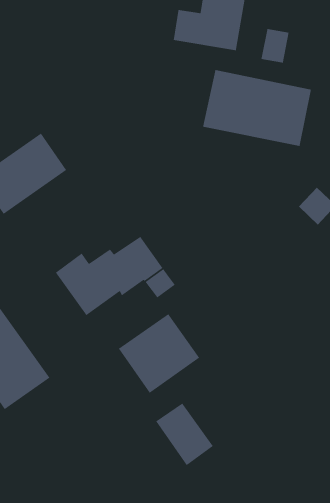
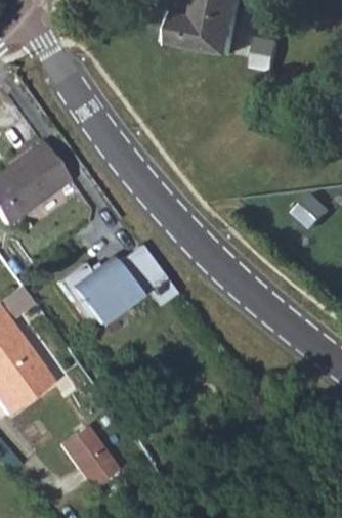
building: [202,69,312,147] -> none
building: [118,313,200,394] -> none
building: [155,402,214,466] -> [58,425,116,487]

